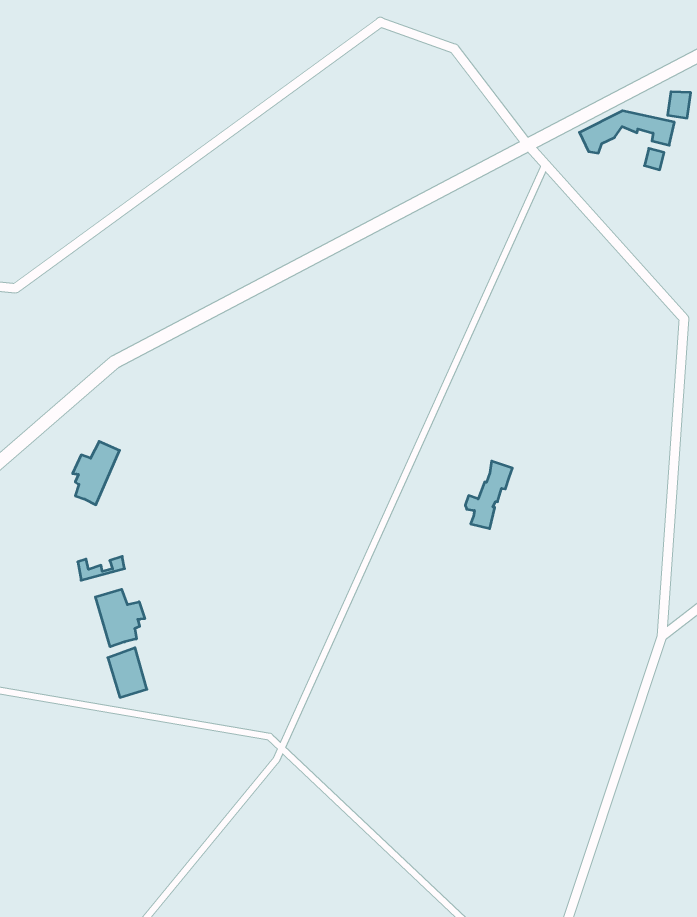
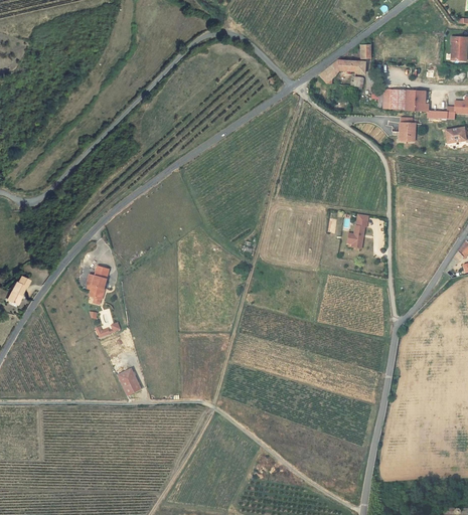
building: [465,461,512,529] -> [347,214,368,248]
building: [95,589,145,647] -> none

